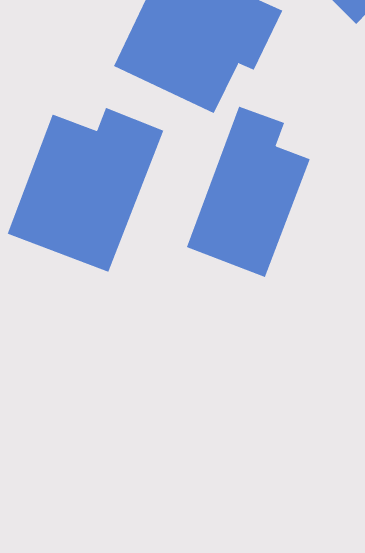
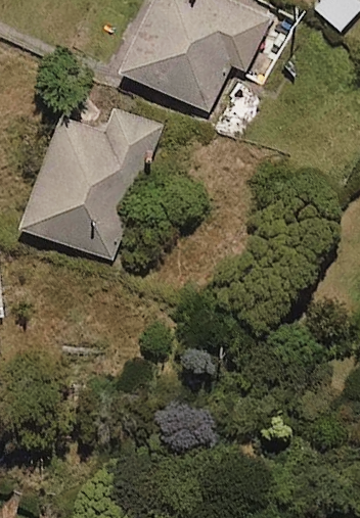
building: [186,106,310,278] -> none

